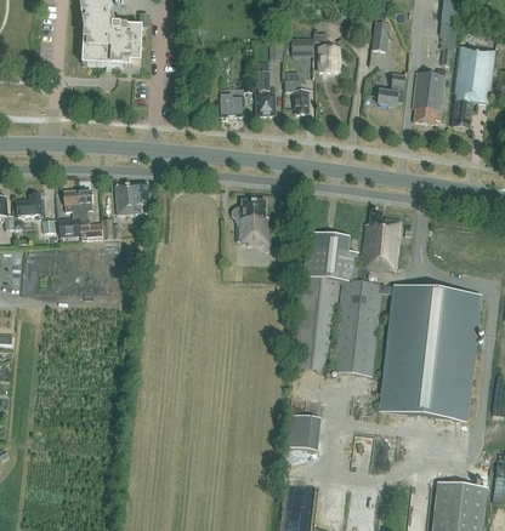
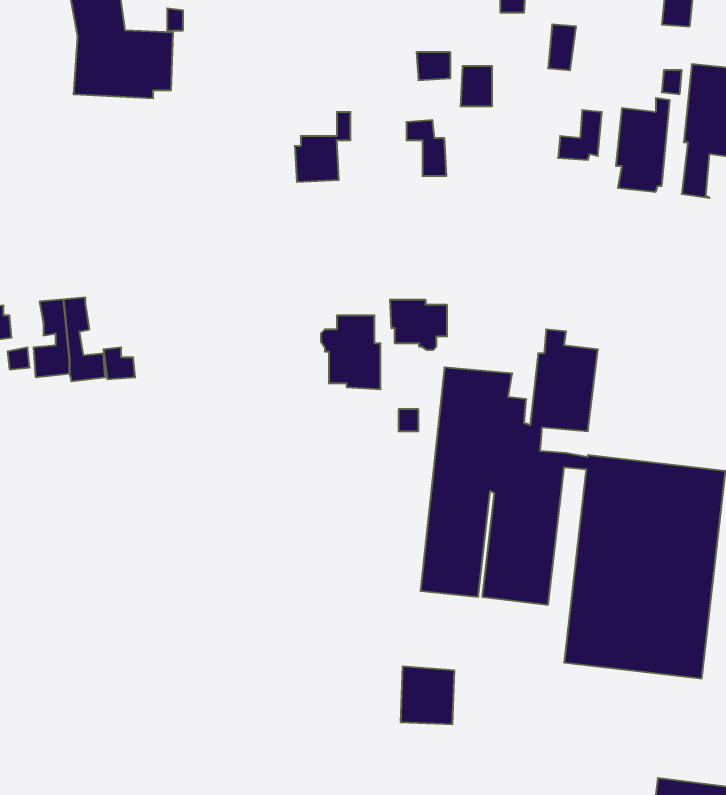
building: [256,70,276,115] -> none
building: [114,183,149,212] -> none
building: none -> [390,300,447,350]

